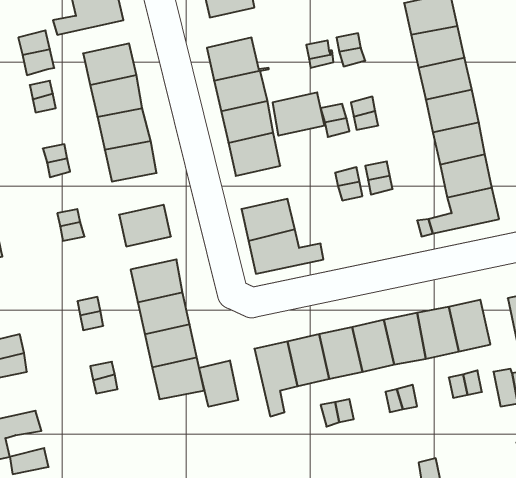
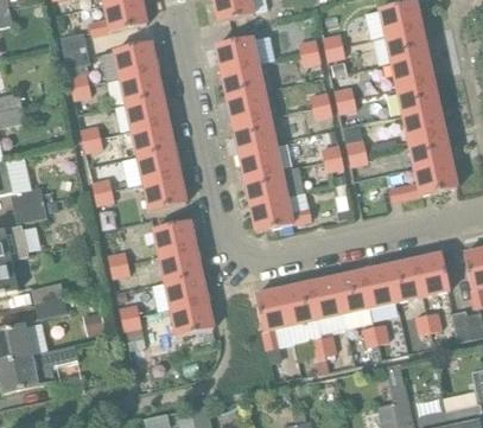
building: [273,92,324,136] -> [240,142,282,178]
building: none -> [138,148,180,183]
building: [199,360,238,407] -> none

